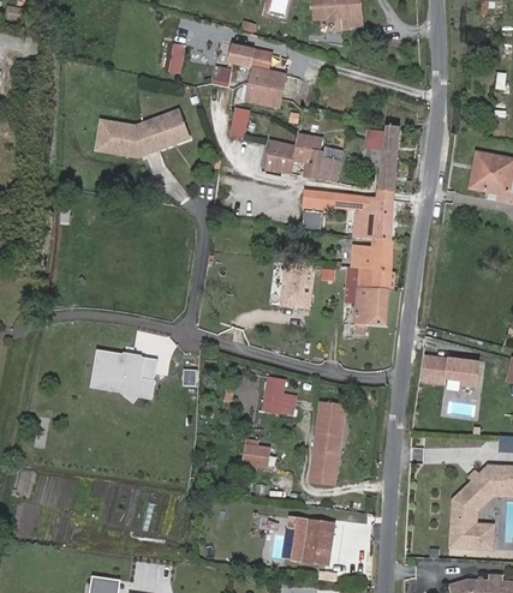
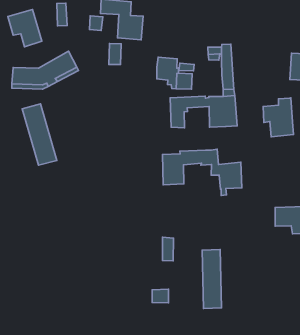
building: none -> [8,9,42,47]
building: [267,142,294,174] -> none
building: none -> [22,104,57,165]
building: [351,239,392,289] -> [263,98,293,137]
building: [89,349,159,403] -> none

